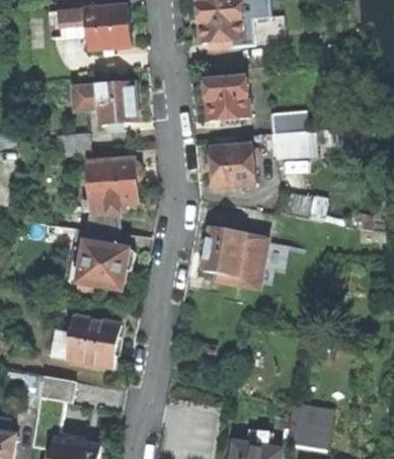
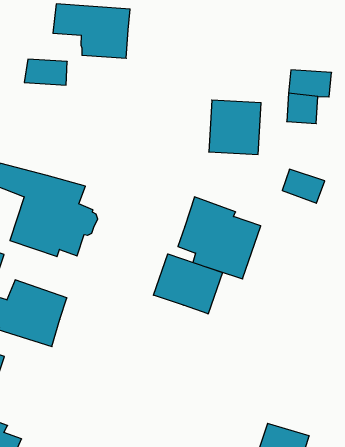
building: [206,75,250,124] -> none
building: [87,158,142,232] -> none
building: none -> [153,254,222,314]

